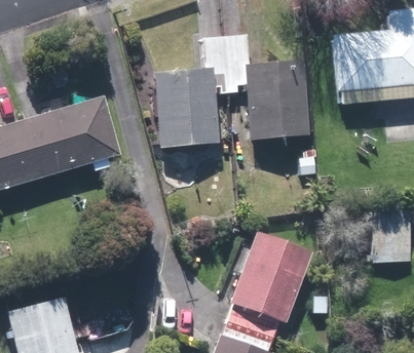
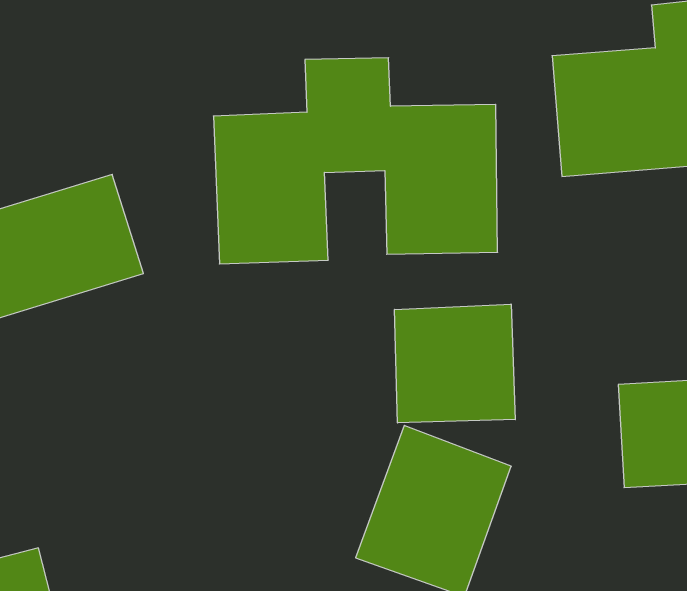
building: none -> [395,304,515,423]

